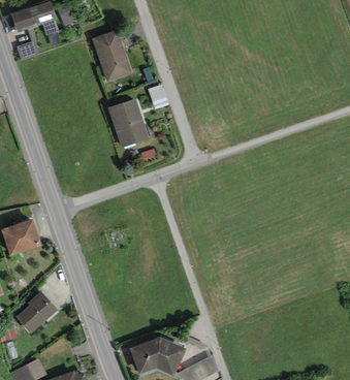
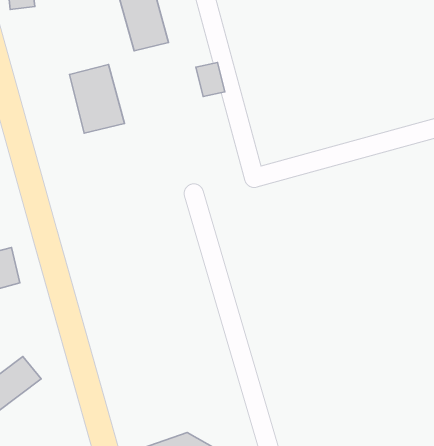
building: [108,99,148,147] -> [70,65,124,133]

